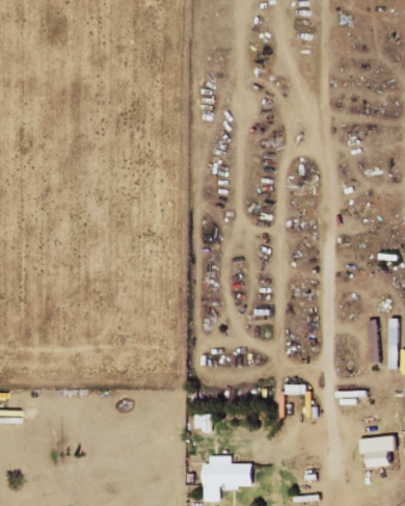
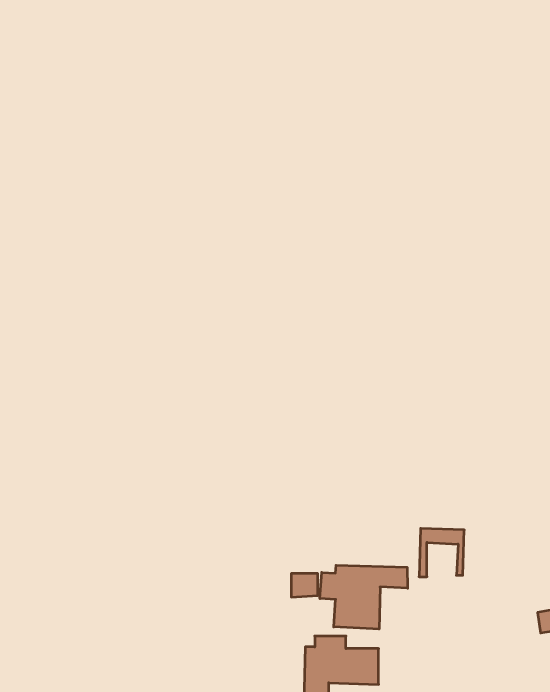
building: none -> [320,565,408,629]

